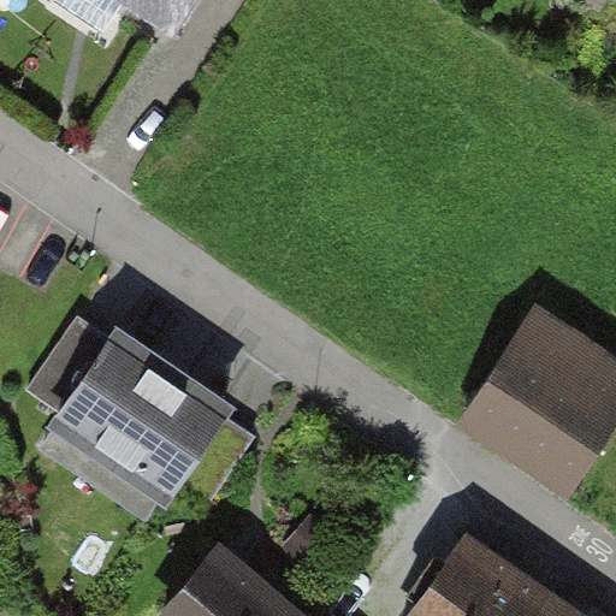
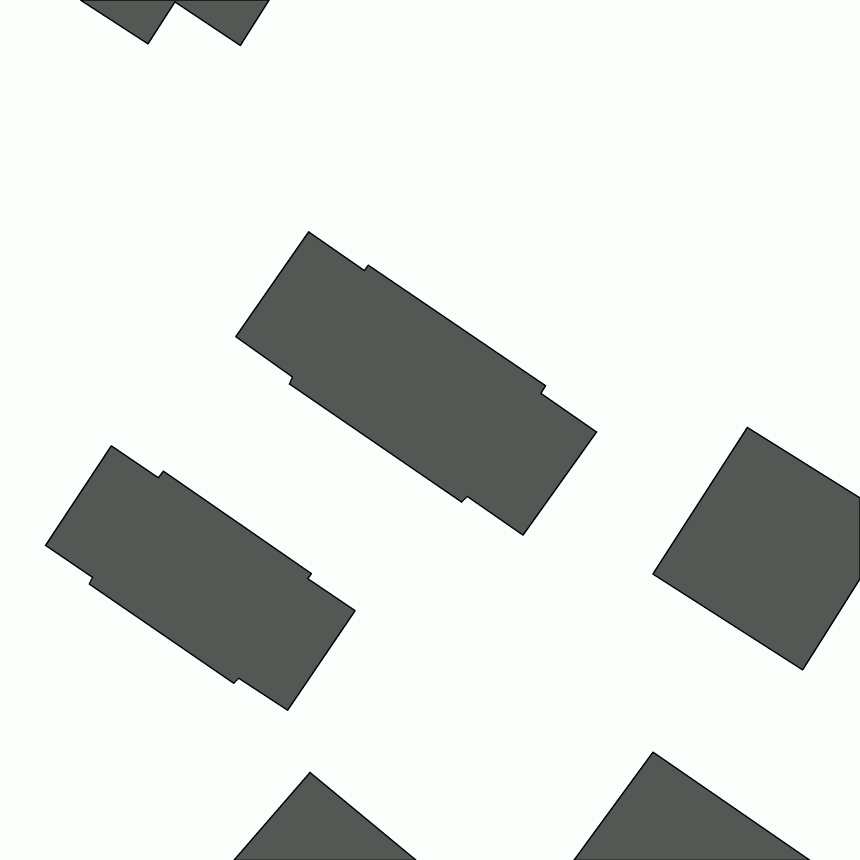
building: none -> [236,232,597,535]

